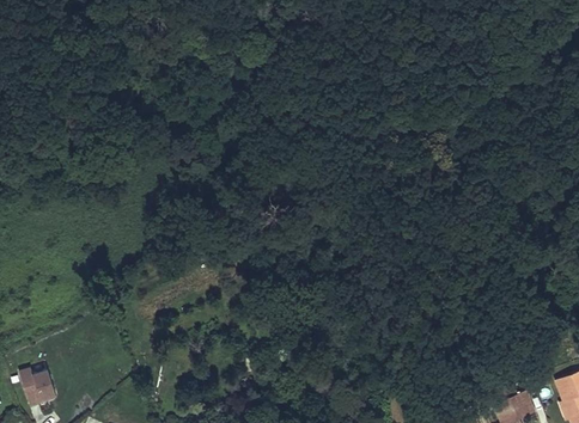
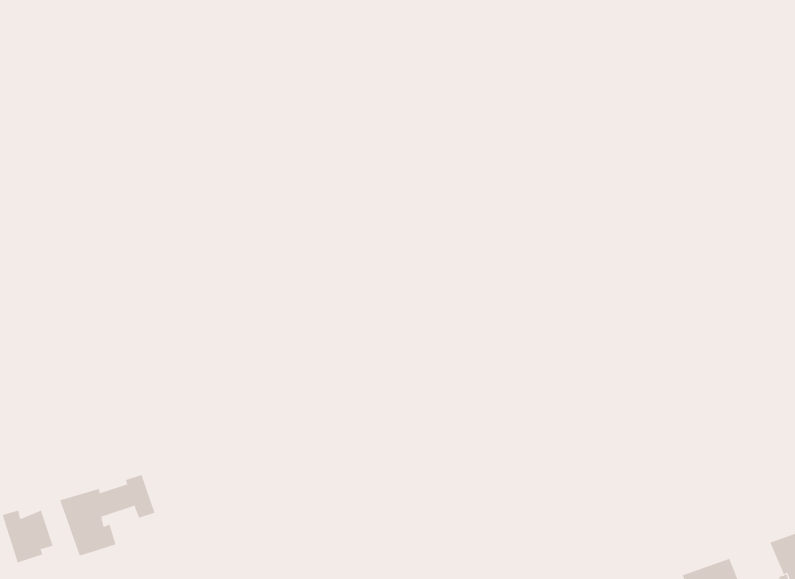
building: none -> [60,474,155,557]

